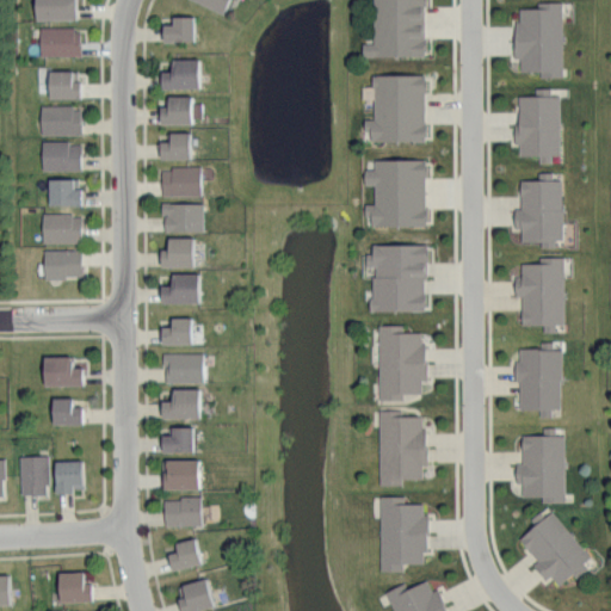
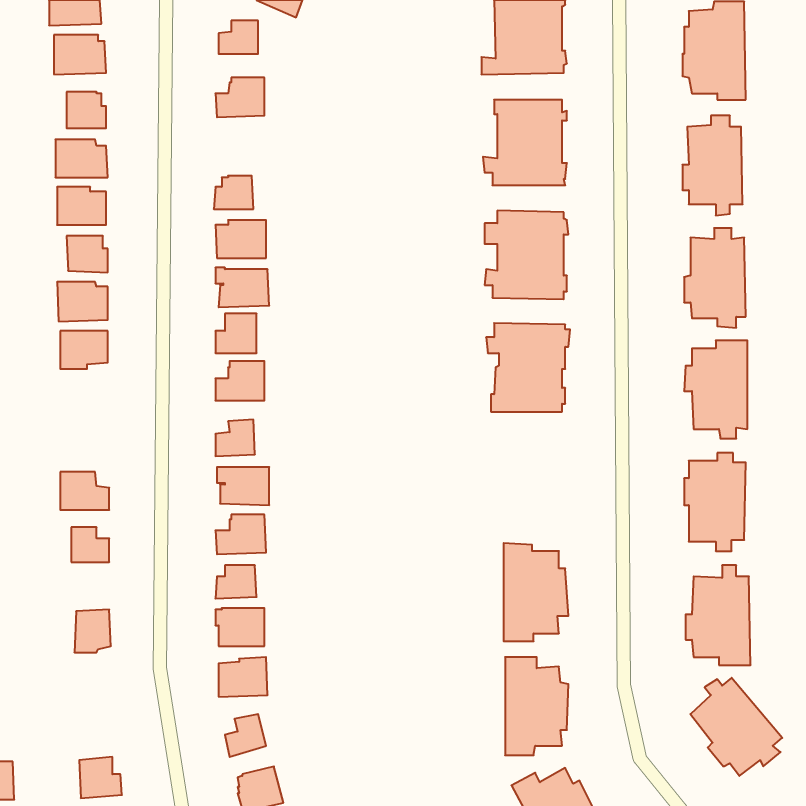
building: [162,98,192,125] -> none
building: [378,327,427,400] -> none
building: [19,457,49,498] -> none

